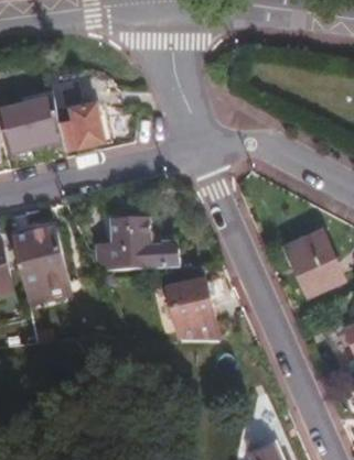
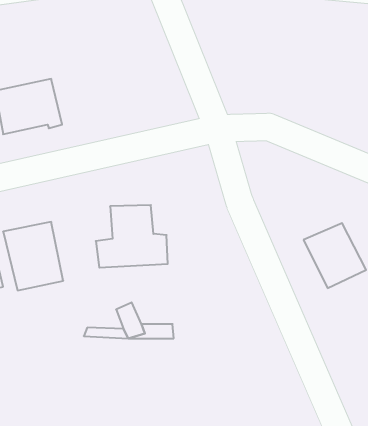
building: [52,78,104,149] -> none
building: [168,281,214,328] -> none

